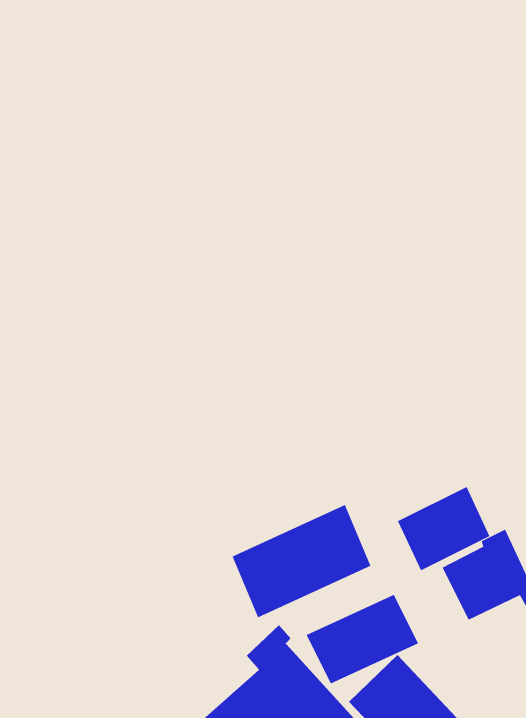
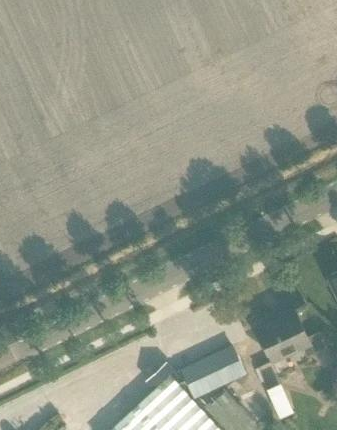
building: [397,486,490,571] -> none
building: [232,504,371,618] -> none

